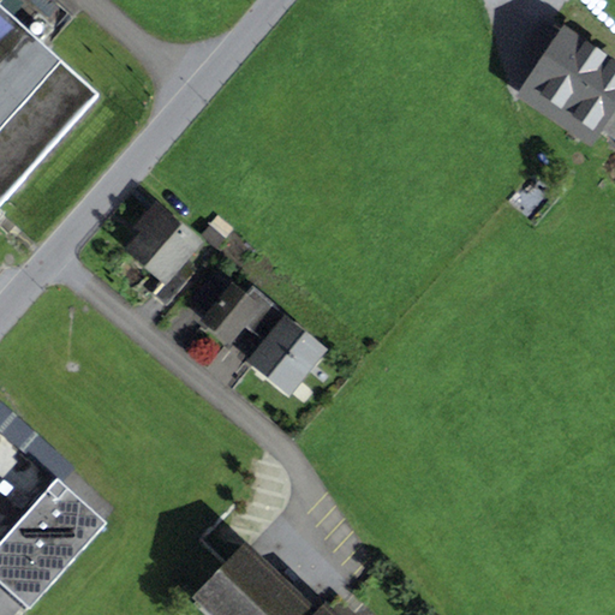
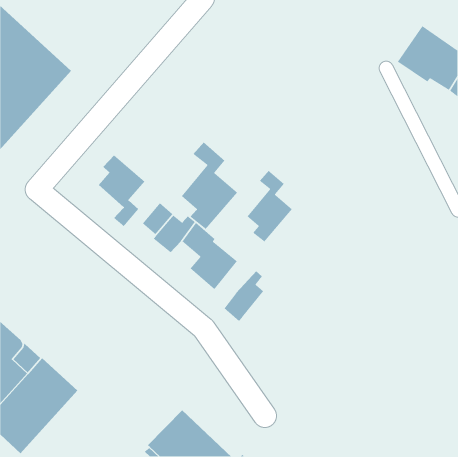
building: none -> [181,142,238,230]
building: none -> [247,170,293,242]
building: none -> [223,270,264,322]

